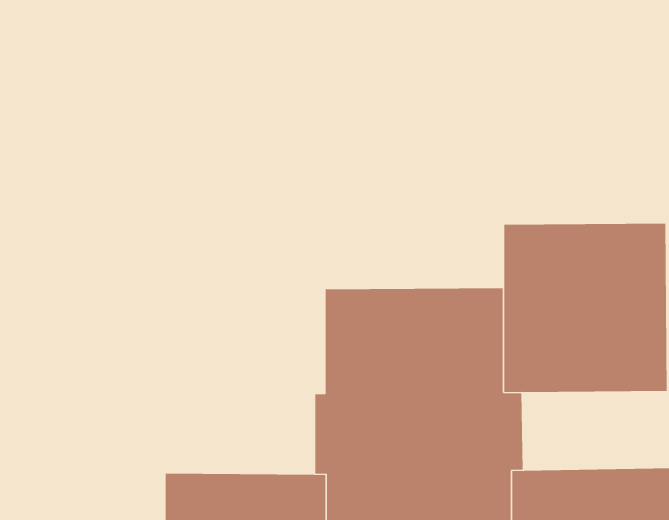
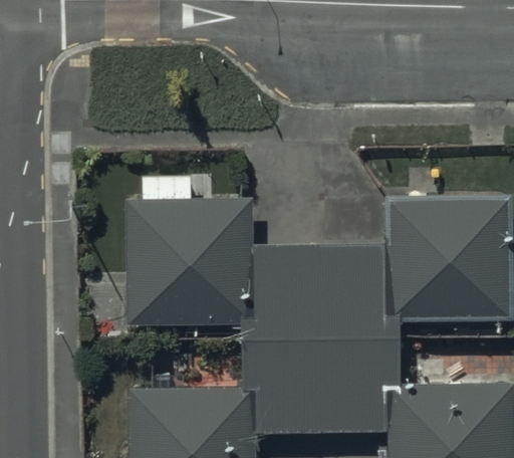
building: none -> [126,197,251,325]

